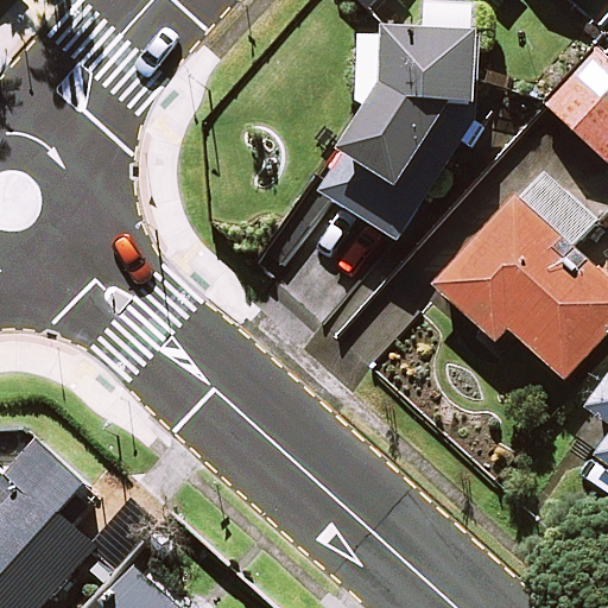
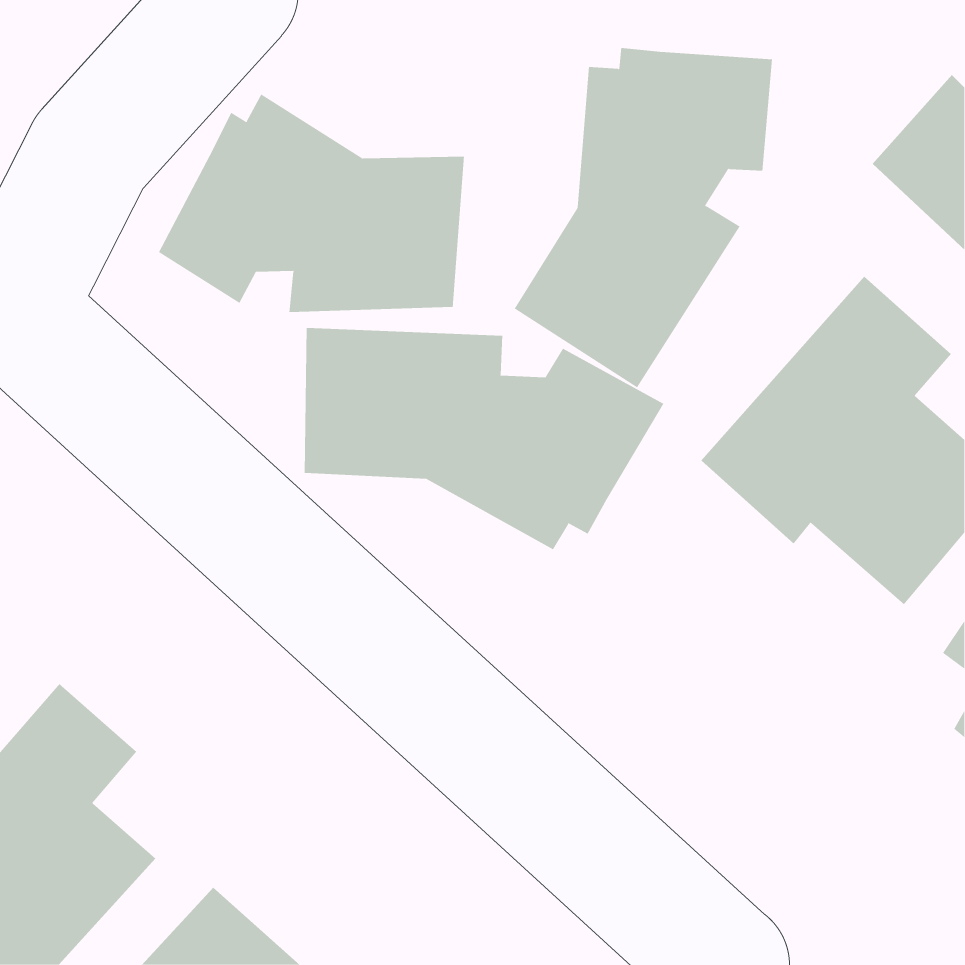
building: none -> [158,93,465,313]
building: none -> [304,327,664,550]

